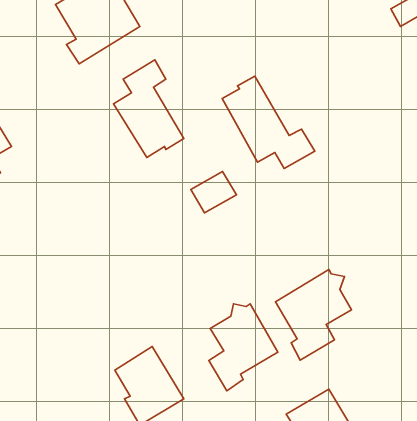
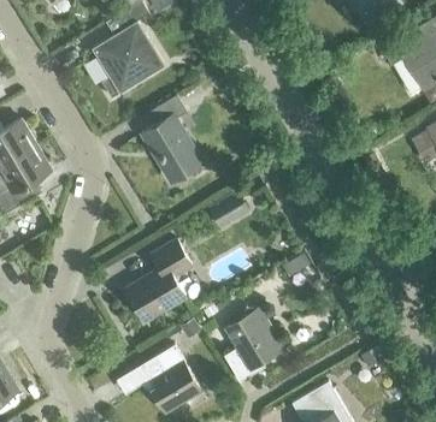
building: [222,76,315,169] -> none
building: none -> [125,240,193,321]
building: [275,269,352,360] -> none

